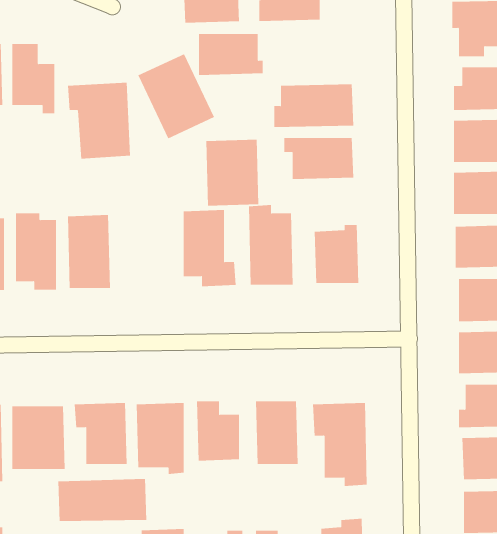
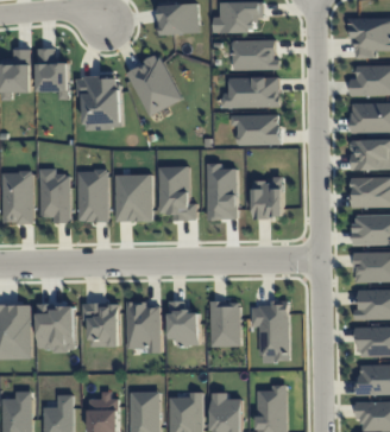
building: [198,33,264,75] -> [232,40,278,70]
building: [206,139,259,206] -> [113,174,151,222]
building: [58,478,147,522] -> none

